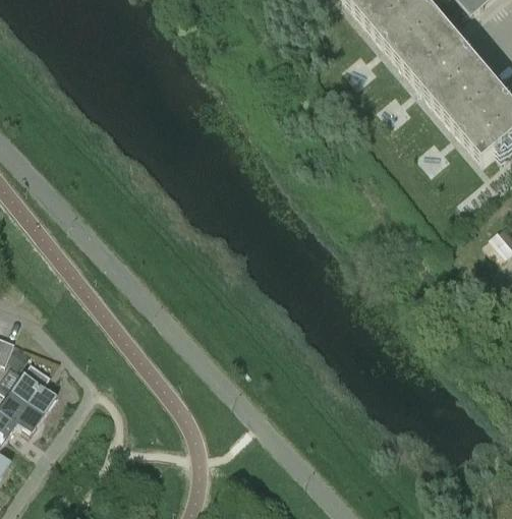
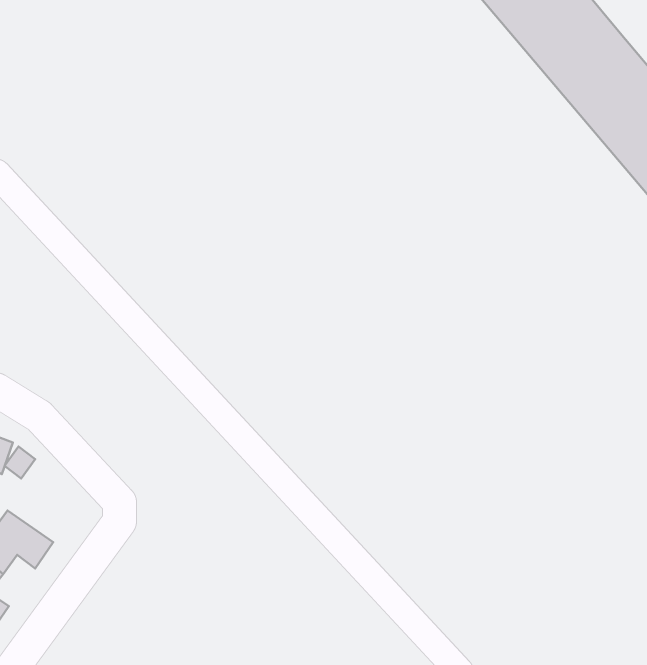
building: [9,359,56,412] -> none

